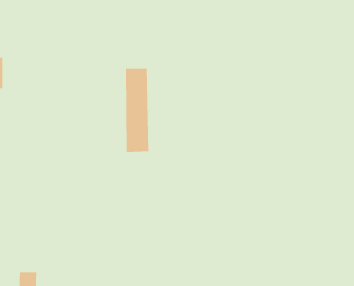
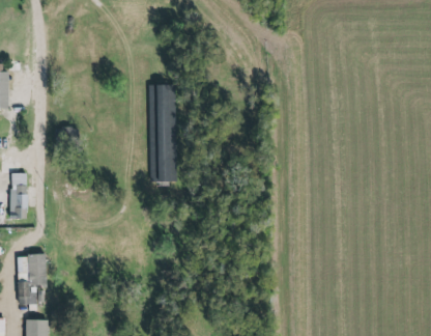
building: none -> [11,172,29,218]
building: none -> [18,254,47,303]

